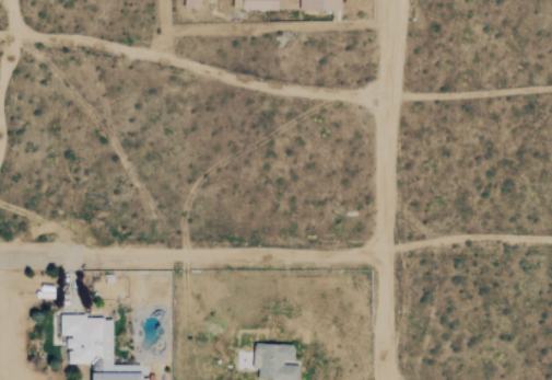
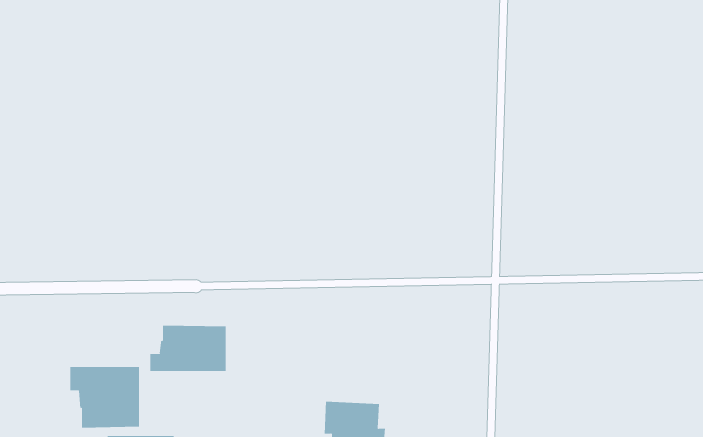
building: none -> [150,325,226,372]

